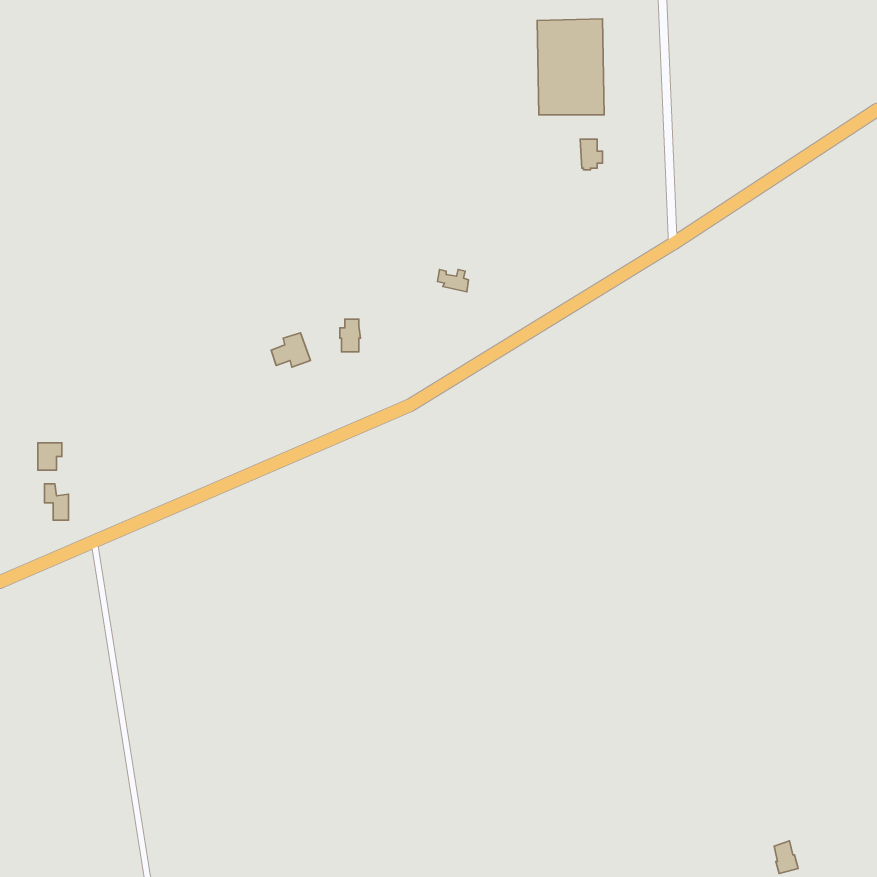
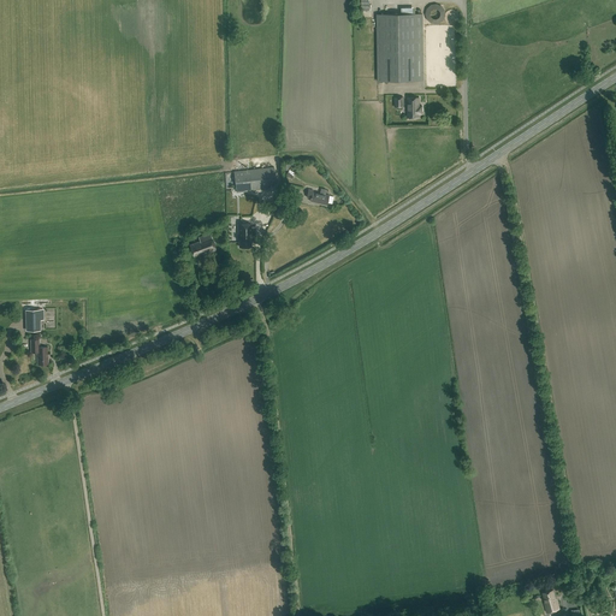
building: none -> [235,167,277,192]

